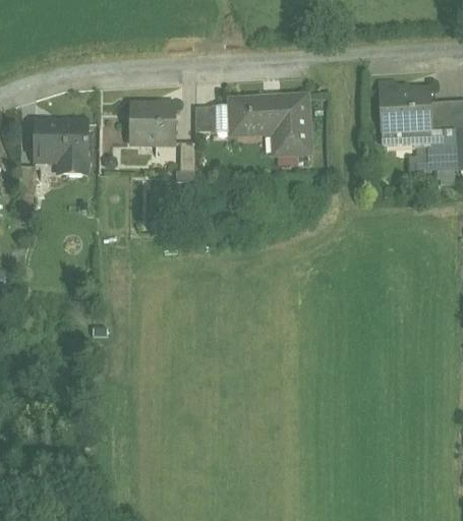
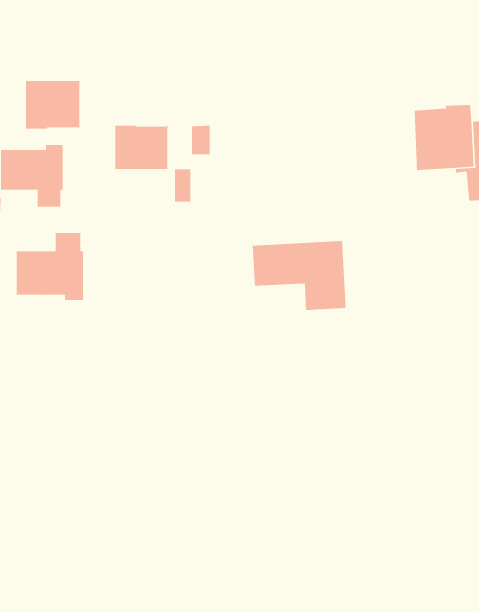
building: none -> [25,80,80,130]
building: [230,95,309,154] -> [252,240,347,311]
building: none -> [16,232,84,301]

